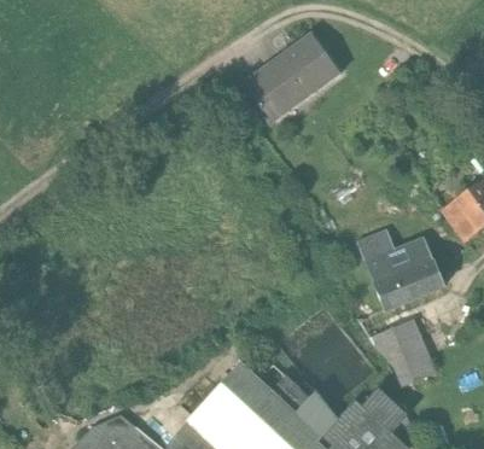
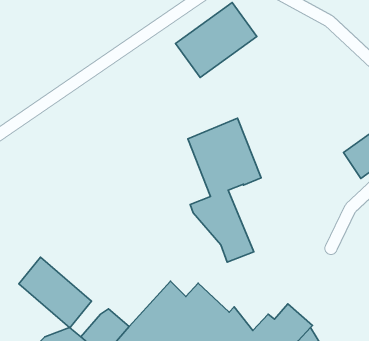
building: [357,217,443,386] -> [188,118,261,262]
building: none -> [19,257,92,328]

